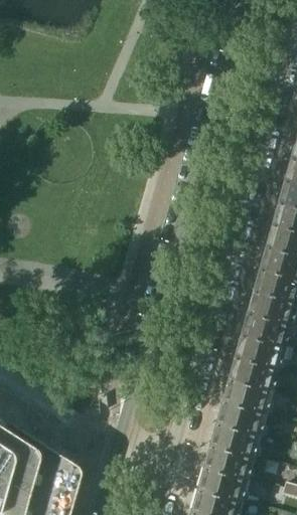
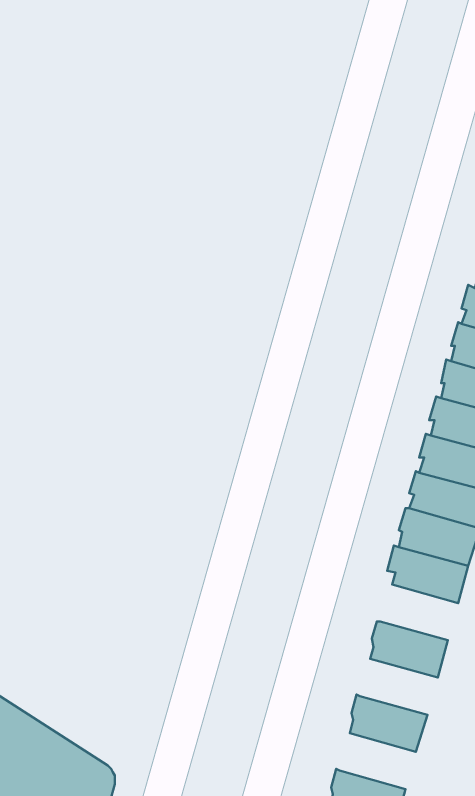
building: [234,355,280,388] -> none
building: [221,398,268,433] -> none
building: [209,443,255,477] -> none

